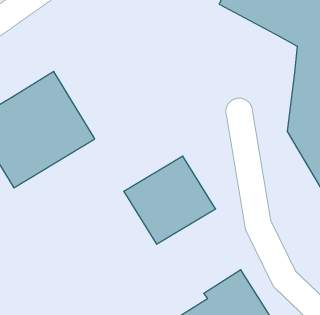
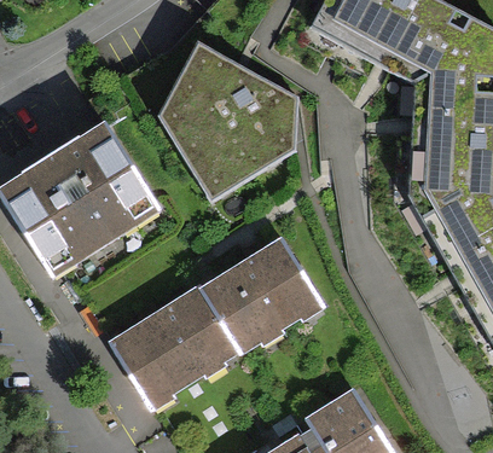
building: none -> [158,63,304,213]
building: none -> [108,281,242,408]

